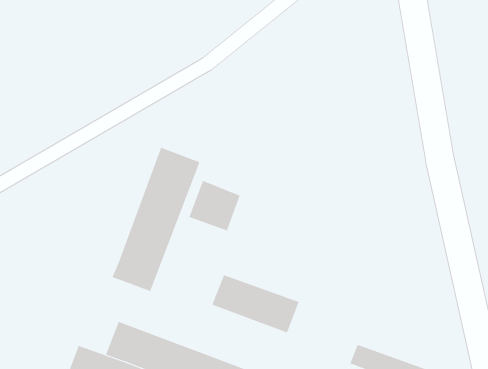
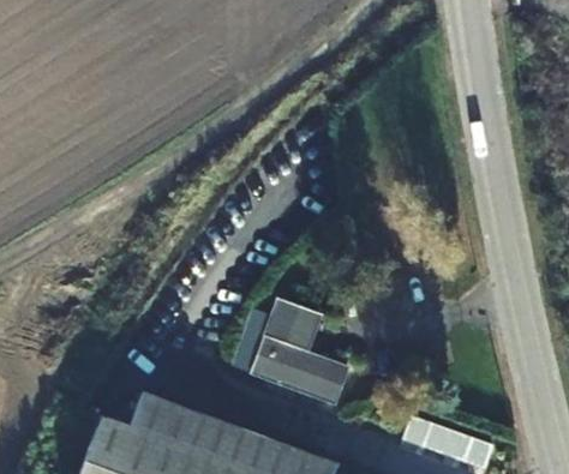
building: [112,147,200,292] -> none
building: [189,180,241,231] -> [263,298,321,354]

